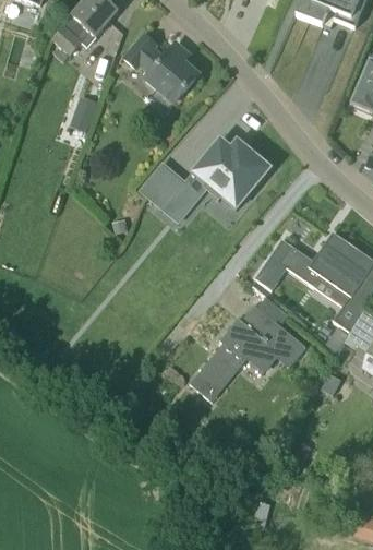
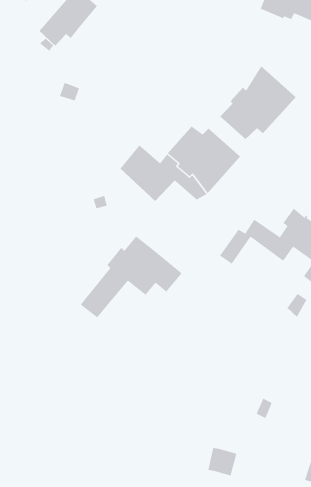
building: [123,34,197,103] -> none
building: none -> [220,66,296,140]
building: [192,303,305,395] -> [80,235,182,318]

